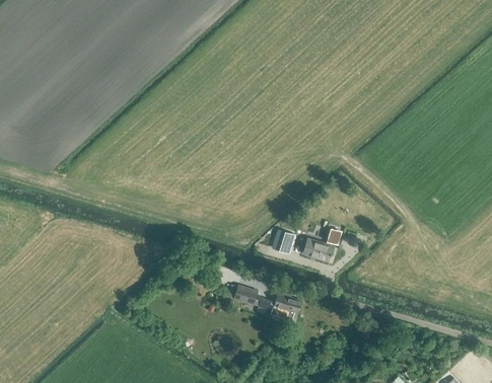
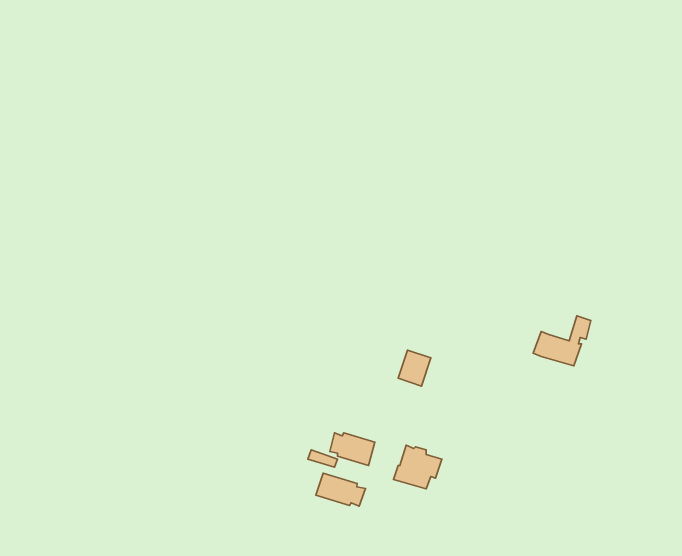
building: [303,229,341,261] -> [533,316,591,366]
building: none -> [316,473,366,506]

